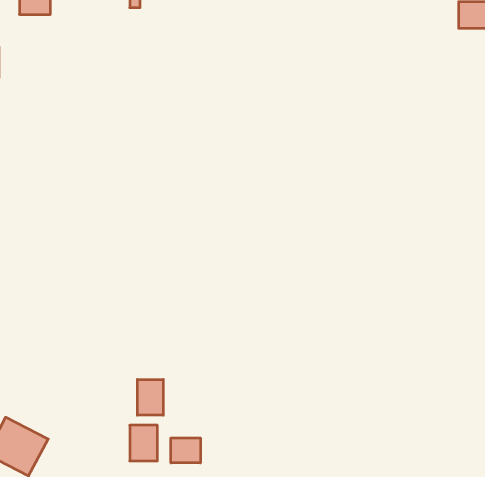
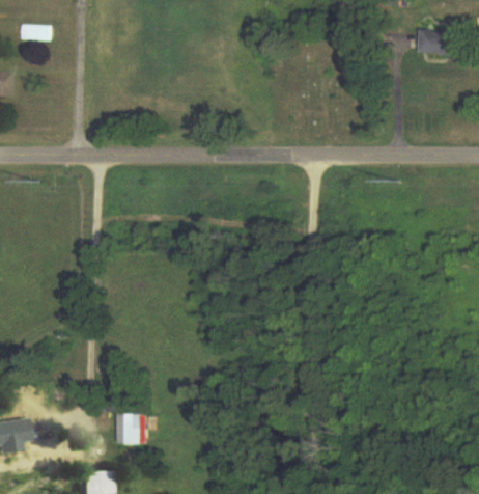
building: [137,379,163,415] -> none
building: [171,438,200,463] -> none

